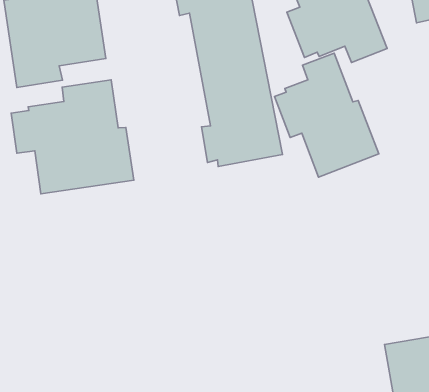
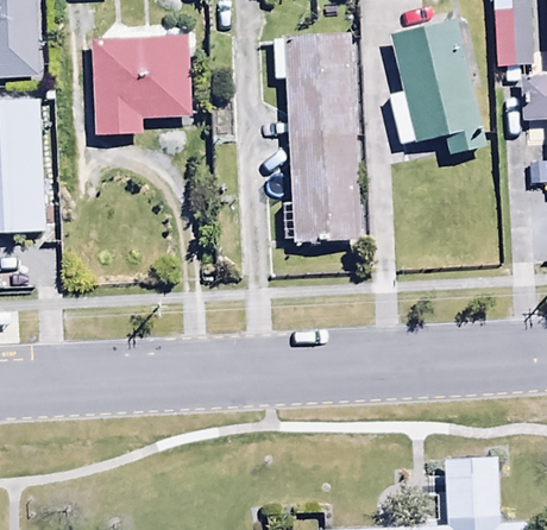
building: [275,53,379,177] -> none
building: [11,80,134,194] -> none

